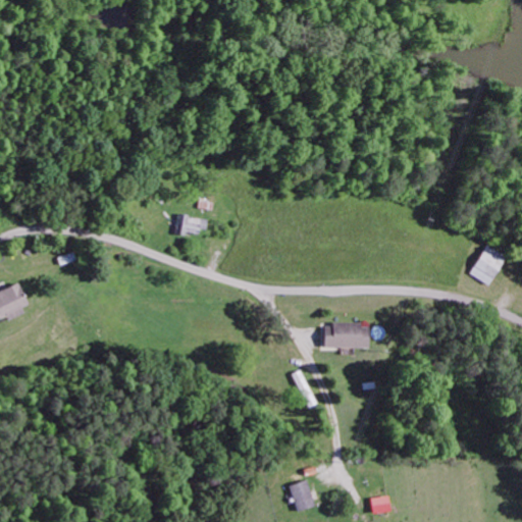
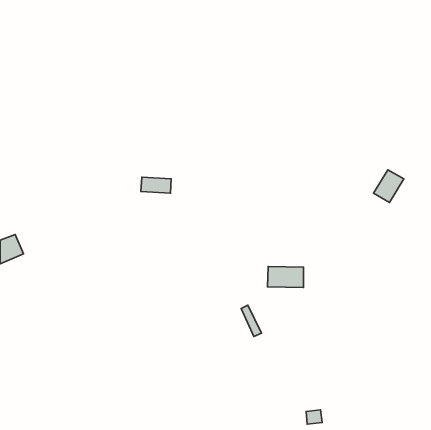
building: [468,246,505,285] -> [373,170,404,203]
building: [288,480,314,512] -> none

